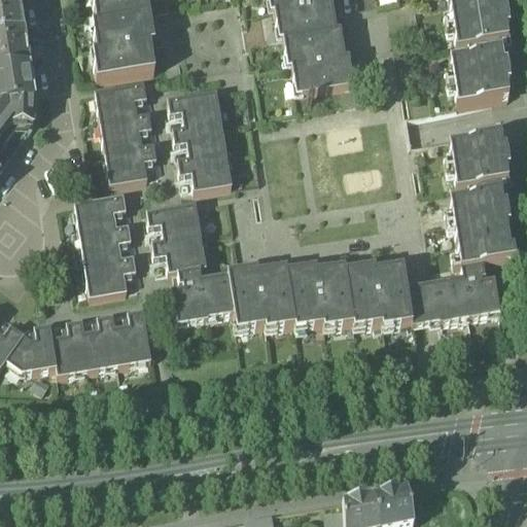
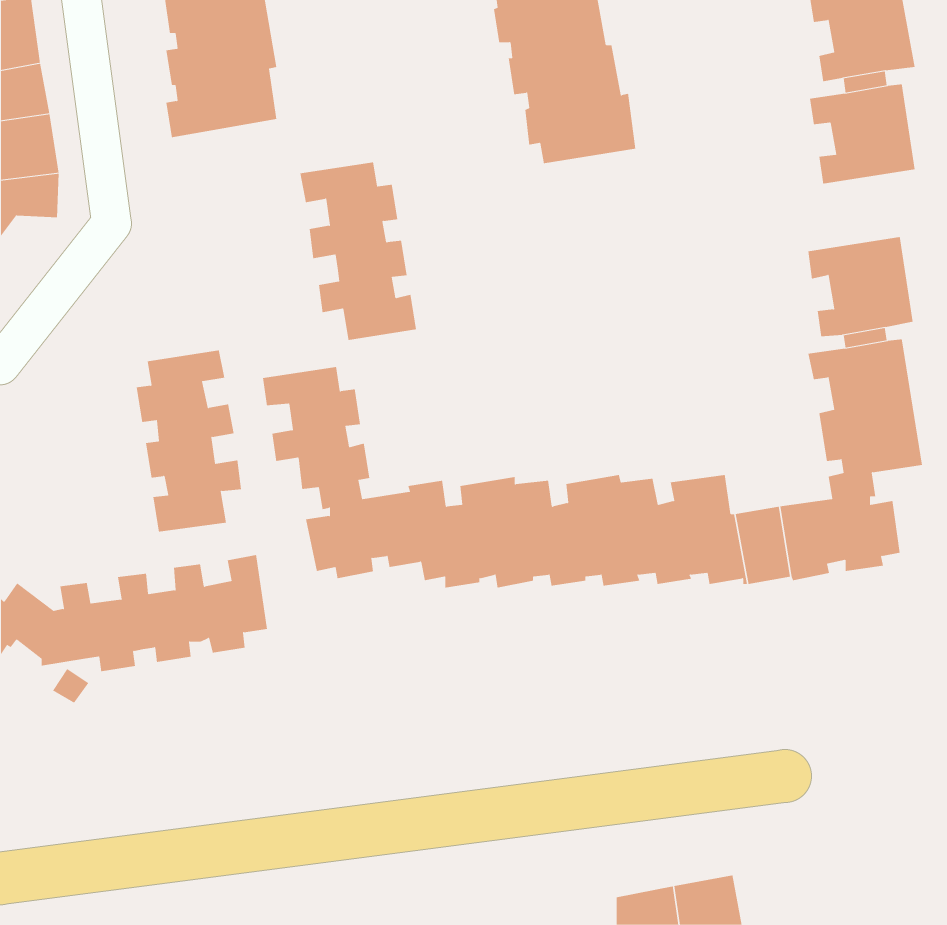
building: [97,81,156,182] -> none

